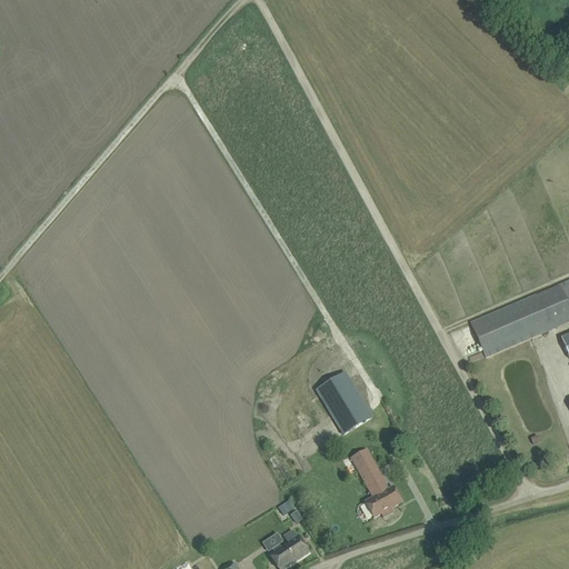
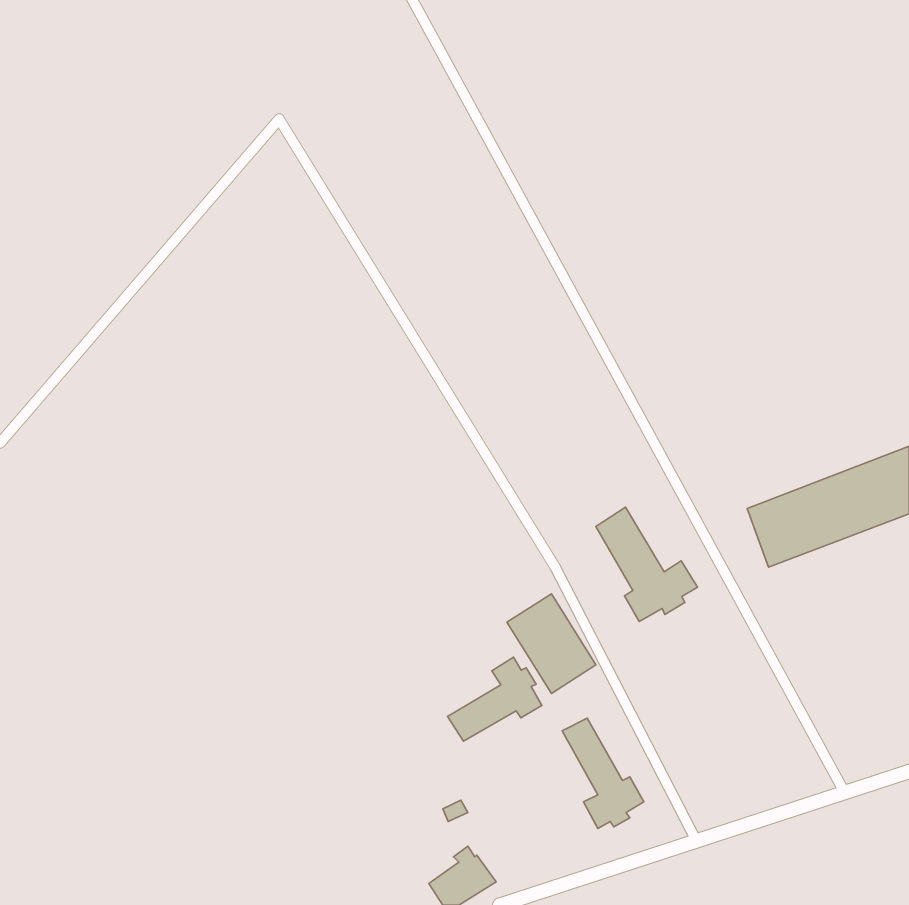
building: none -> [596,507,698,622]
building: none -> [447,657,542,741]

